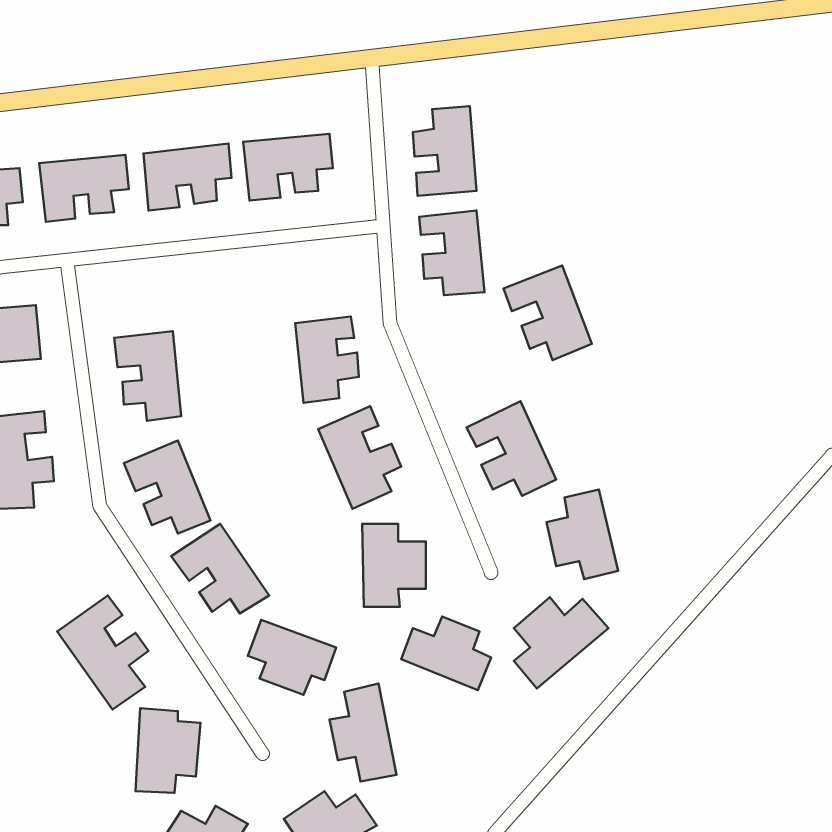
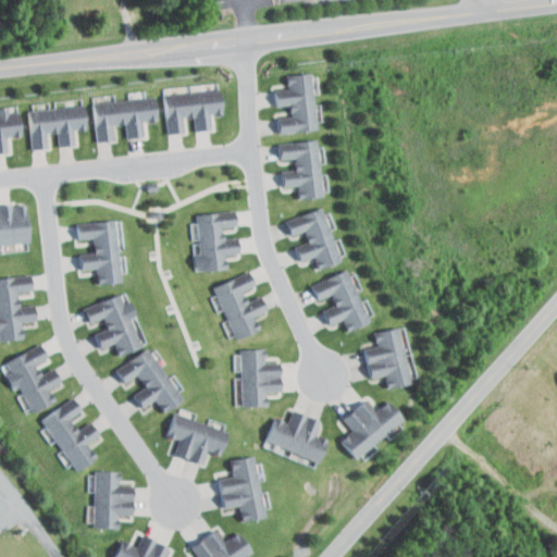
building: [504,266,592,360] -> [284,206,343,269]
building: none -> [7,347,61,411]

